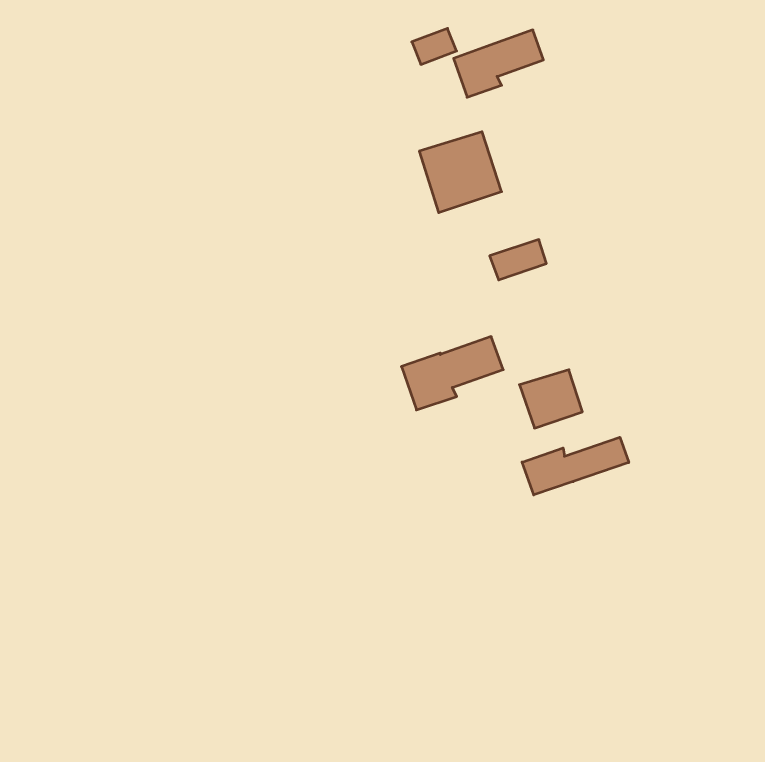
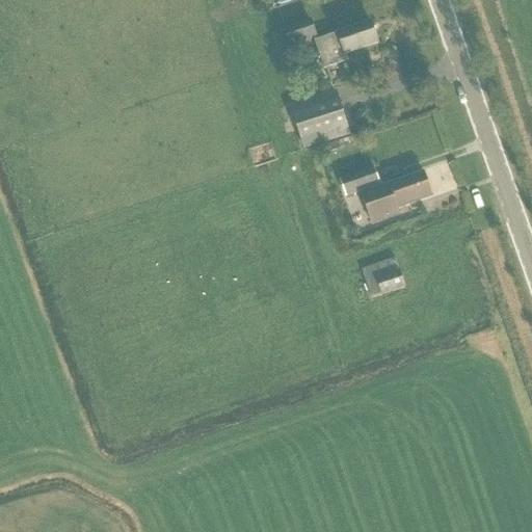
building: [401,337,503,410] -> [361,171,431,222]
building: [522,437,629,495] -> none

